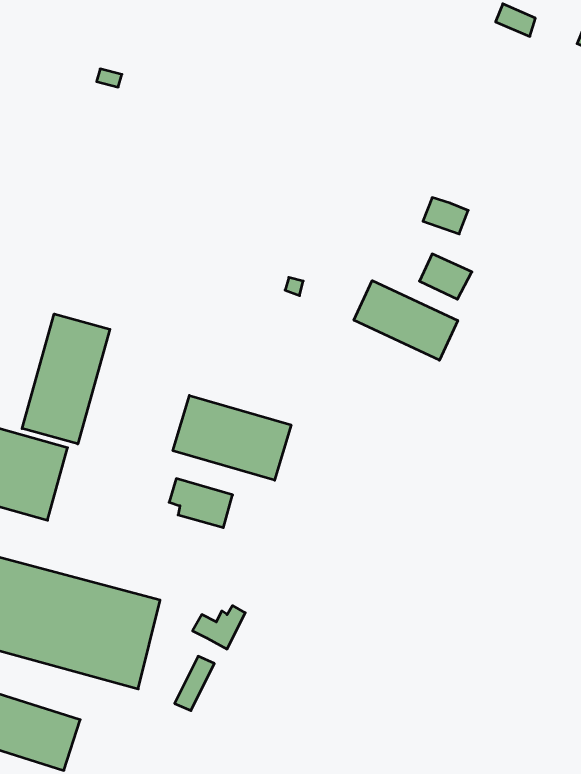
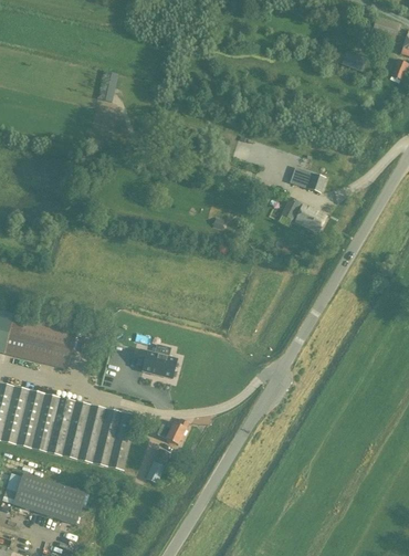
building: [354,281,458,360] -> none
building: [22,314,110,444] -> none
building: [173,395,291,480] -> none

